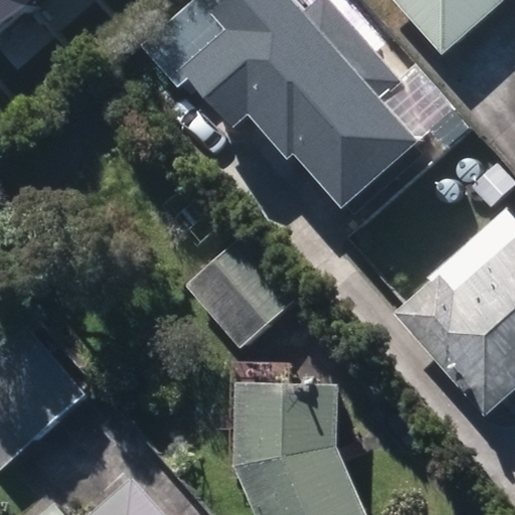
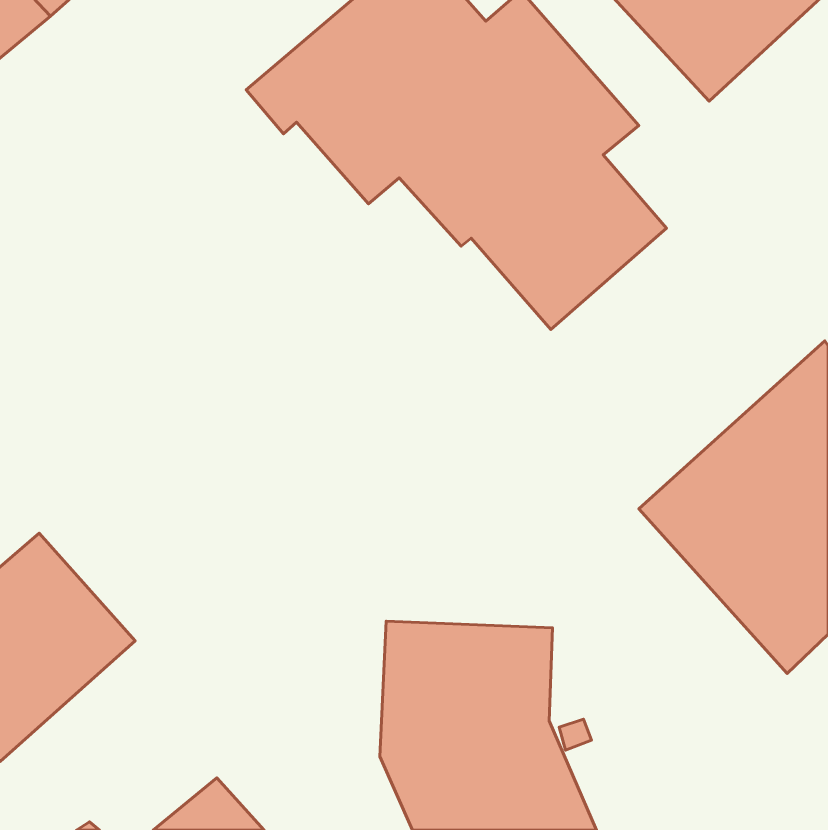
building: [186,238,296,349] -> none

